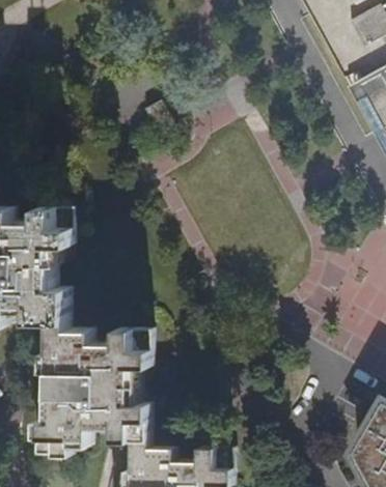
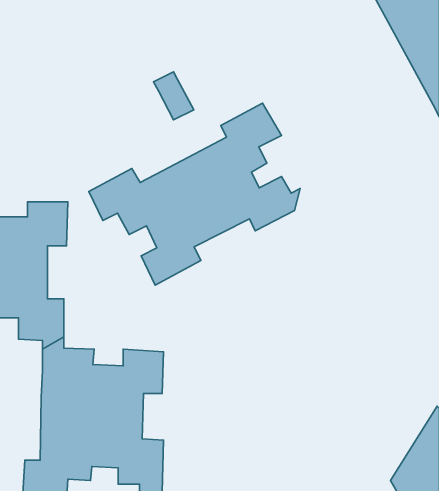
building: none -> [89,103,300,285]

